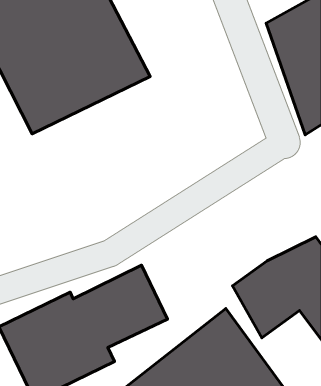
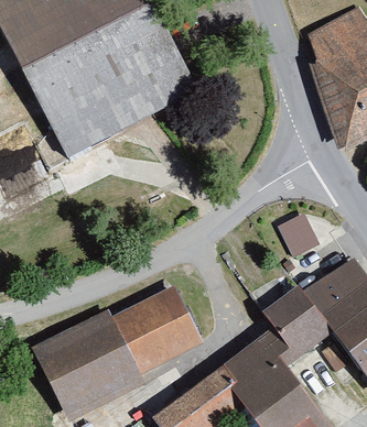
building: none -> [278,214,320,258]

